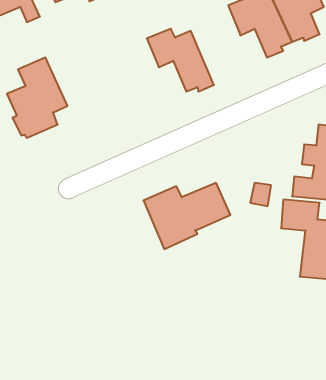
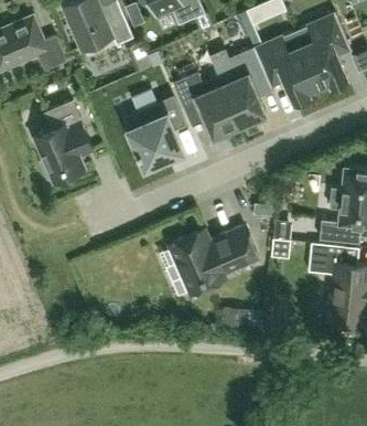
building: none -> [217,49,266,129]
building: none -> [125,97,185,171]

